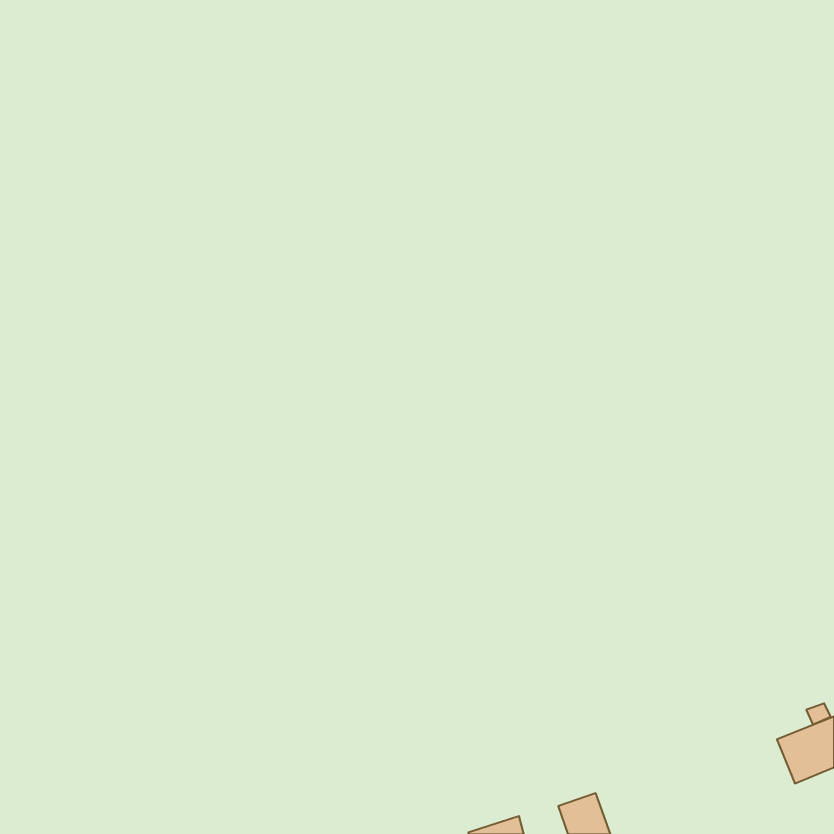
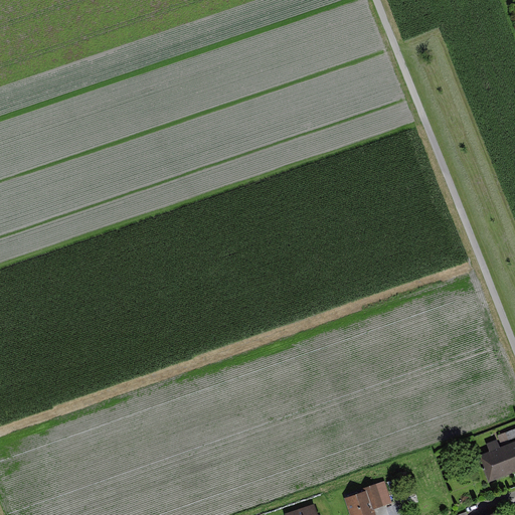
building: none -> [371,480,393,507]

